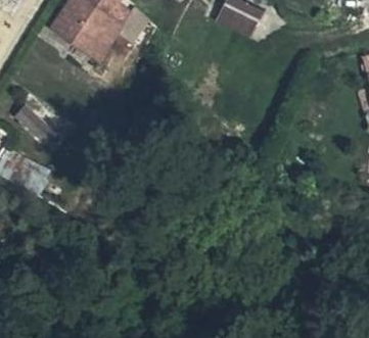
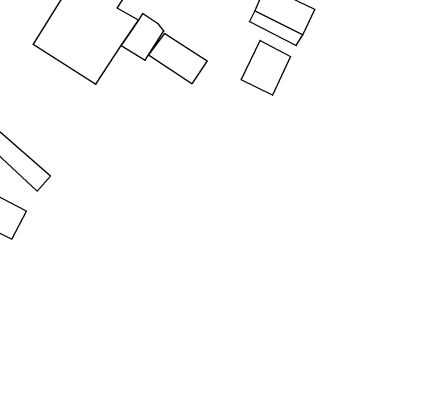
building: none -> [149,33,207,84]
building: none -> [241,40,291,95]

